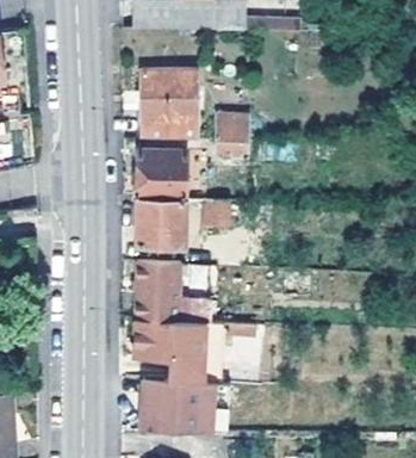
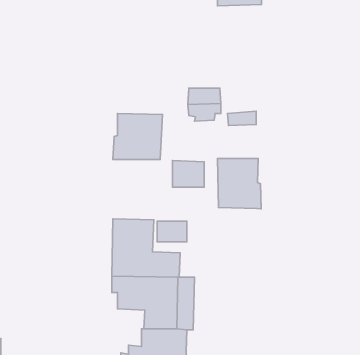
building: [142,70,197,141] -> none
building: none -> [217,159,261,209]
building: [136,200,185,246] -> none

